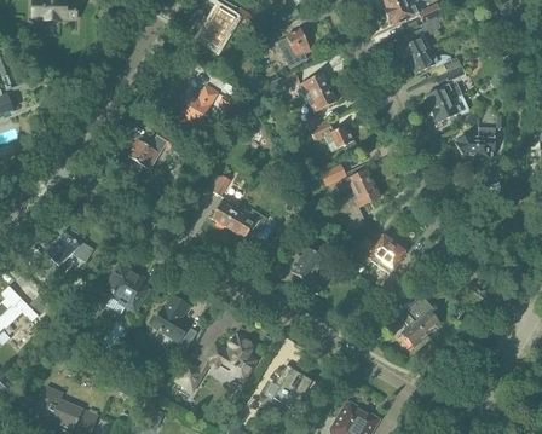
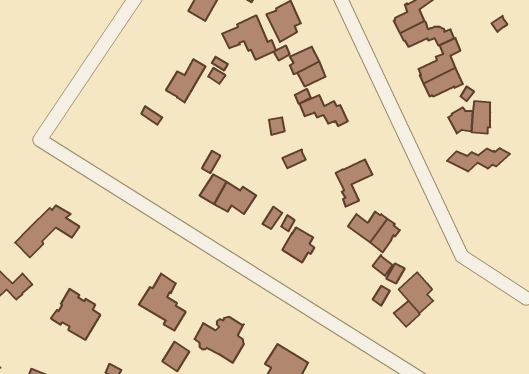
building: none -> [222,15,276,60]
building: [128,135,160,168] -> none
building: [321,163,374,192] -> none
building: none -> [447,148,510,172]
building: [102,261,150,311] -> [51,289,100,340]

